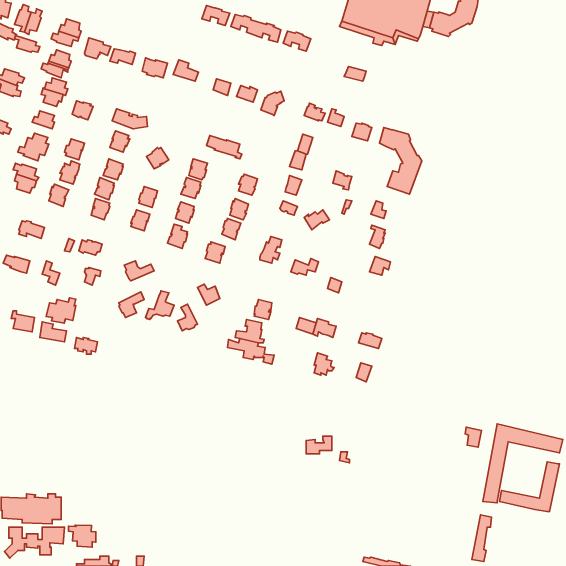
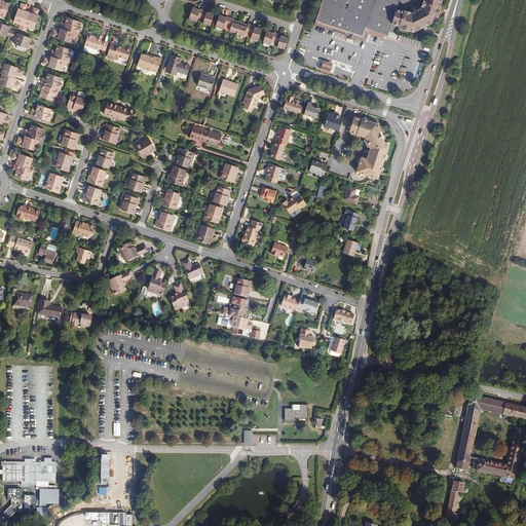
building: [46,298,76,323] -> none
building: [68,525,96,547] -> none

